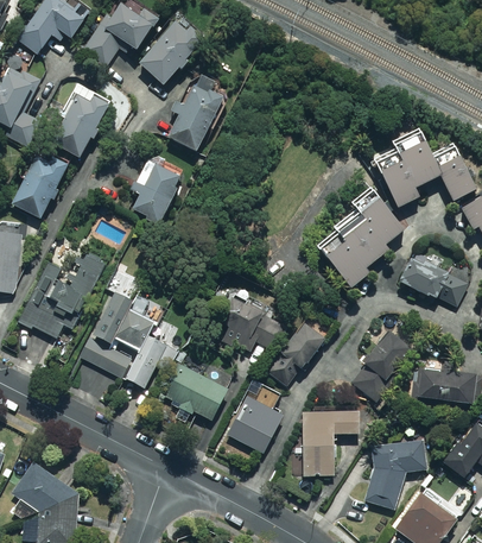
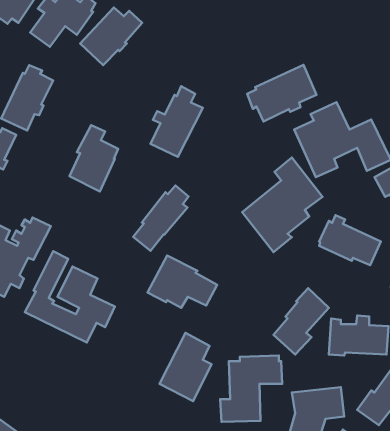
building: [167,75,224,152] -> [151,86,203,157]
building: none -> [247,65,316,121]
building: [267,316,328,387] -> [133,186,188,251]
building: [159,361,228,421] -> none

